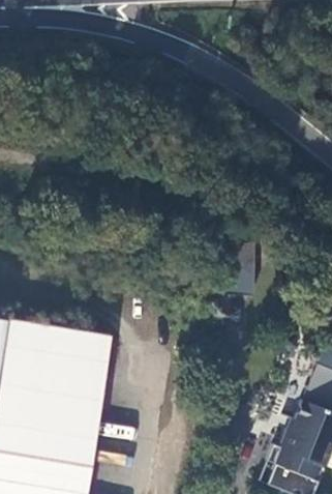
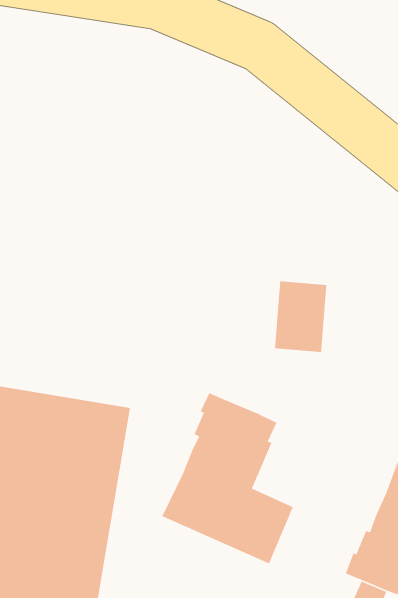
building: none -> [161,392,294,564]

